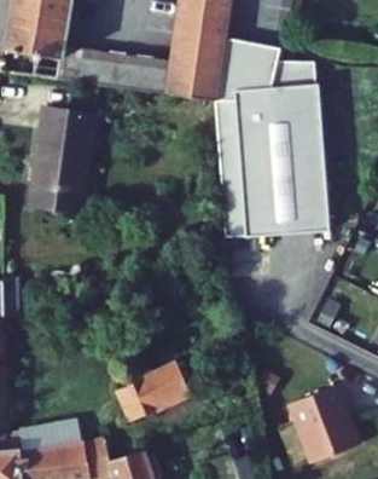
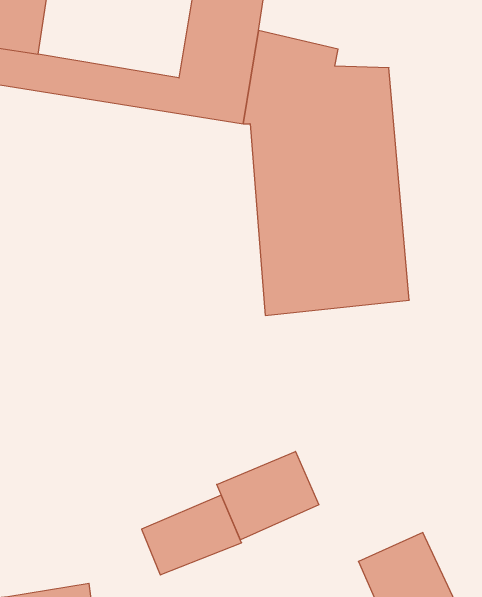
building: [45,103,106,204] -> none
building: none -> [217,451,319,540]

